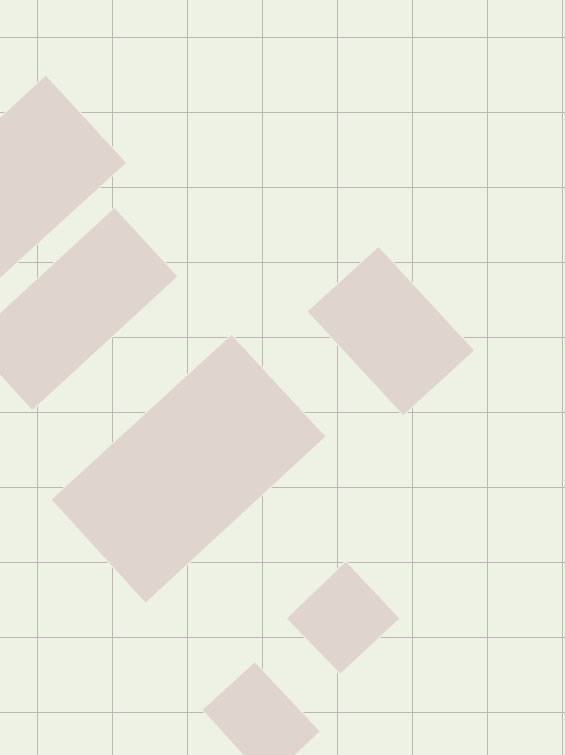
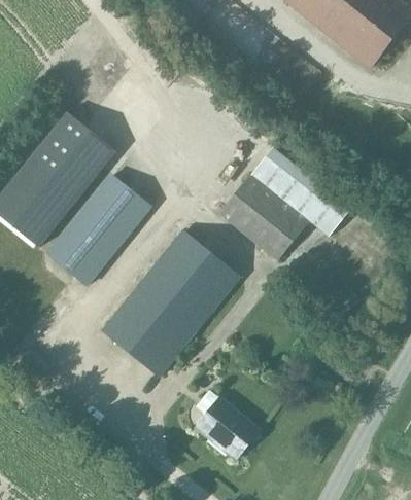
building: none -> [251,147,349,236]
building: [286,561,400,674] -> none

